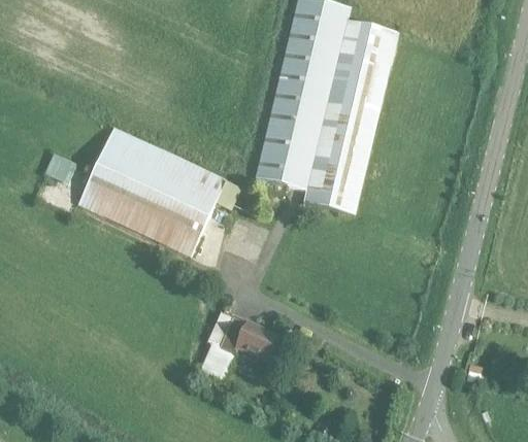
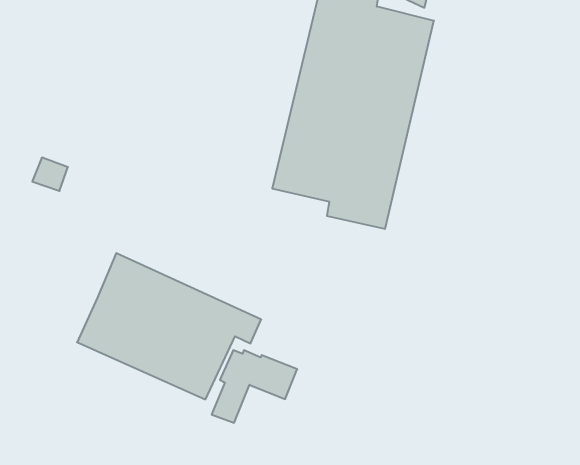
building: [78,127,238,253] -> [77,253,261,399]

